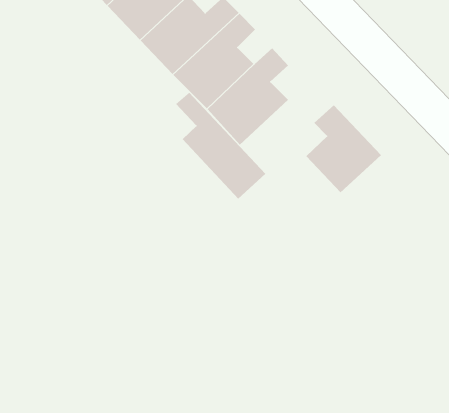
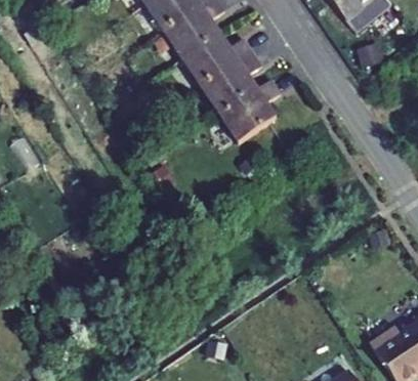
building: [175,92,266,199] -> none
building: [306,104,382,193] -> none

